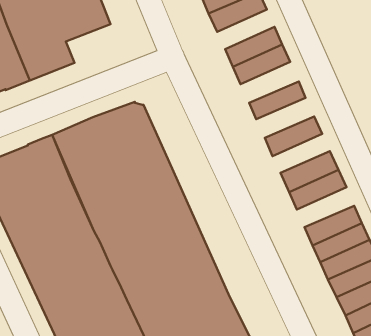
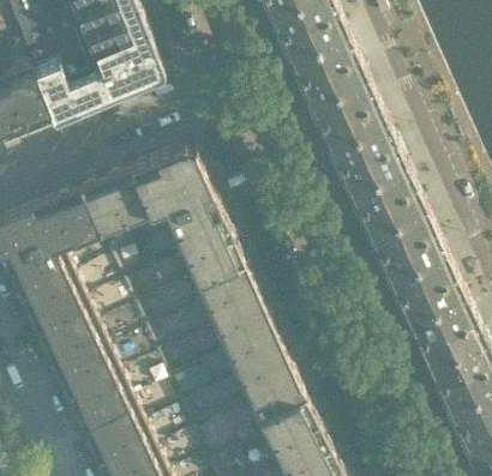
building: none -> [287,32,358,82]
building: none -> [100,50,164,98]
building: none -> [316,97,388,147]
building: none -> [335,141,407,191]
building: none -> [355,186,426,234]
building: none -> [385,252,456,301]

